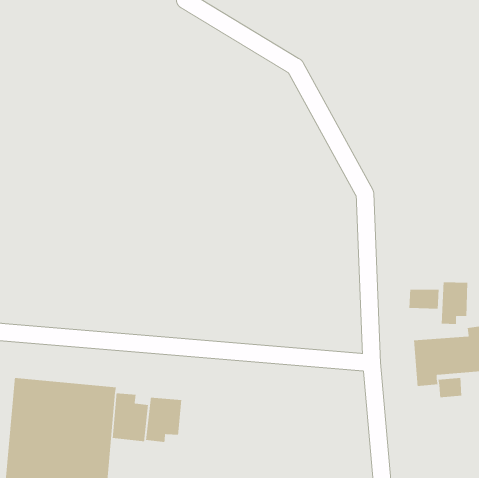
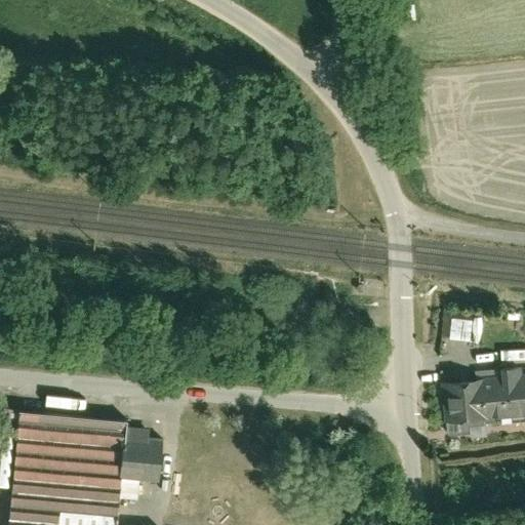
building: [441,282,468,325] -> none
building: [145,397,182,443] -> none

